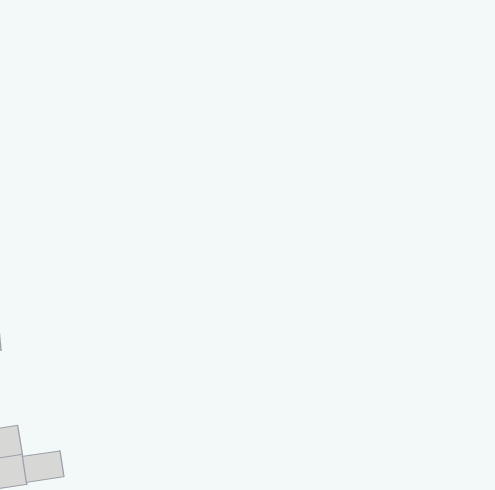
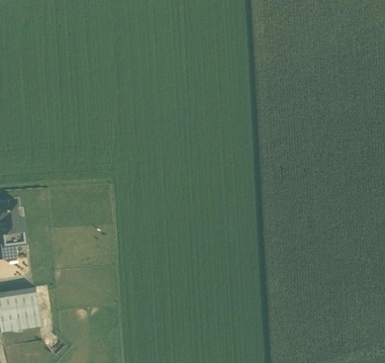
building: [23,451,64,482] -> none

